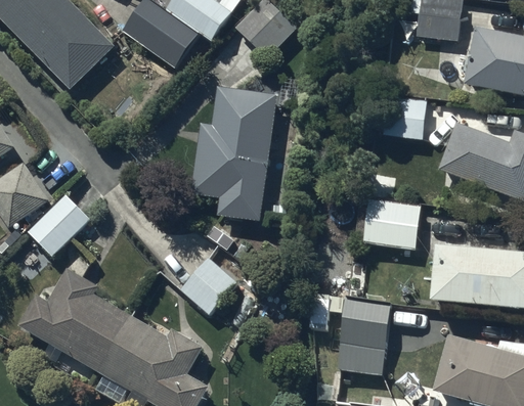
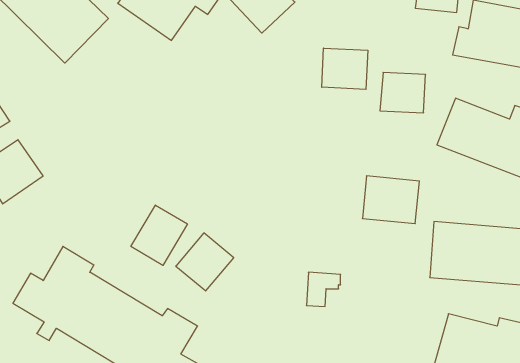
building: none -> [322,48,368,89]
building: [190,88,289,220] -> none
building: [28,192,90,255] -> none
building: none -> [131,205,187,265]
building: [340,301,390,374] -> none

